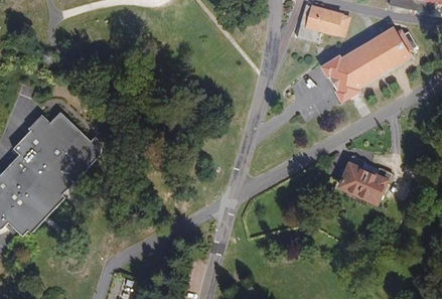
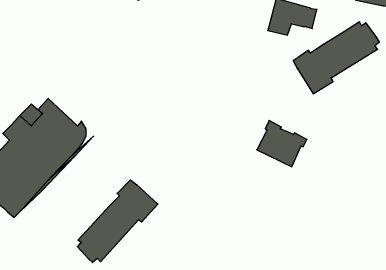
building: [336,149,390,198] -> [257,120,307,167]
building: none -> [77,180,158,263]

